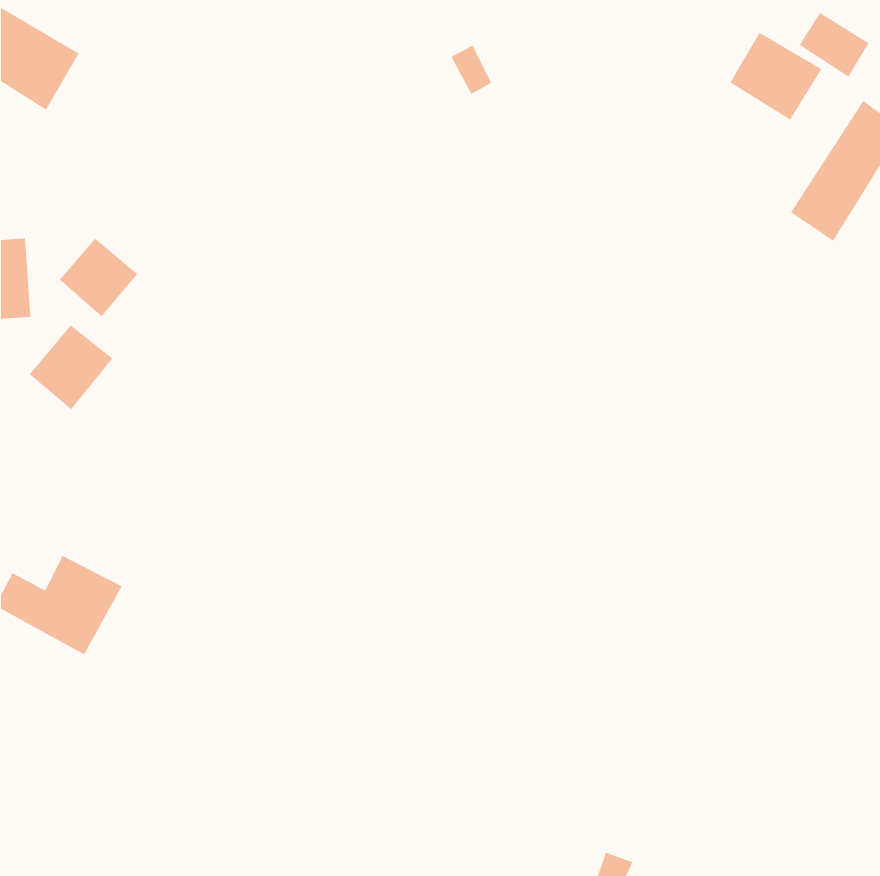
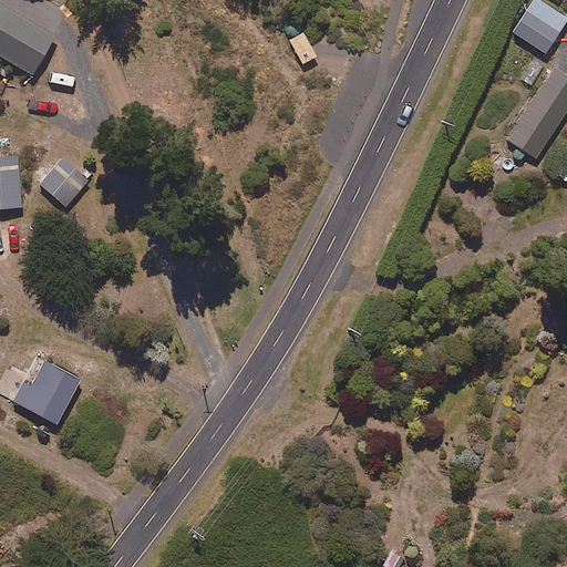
building: [729,32,822,120] -> none
building: [29,324,113,410] -> none

